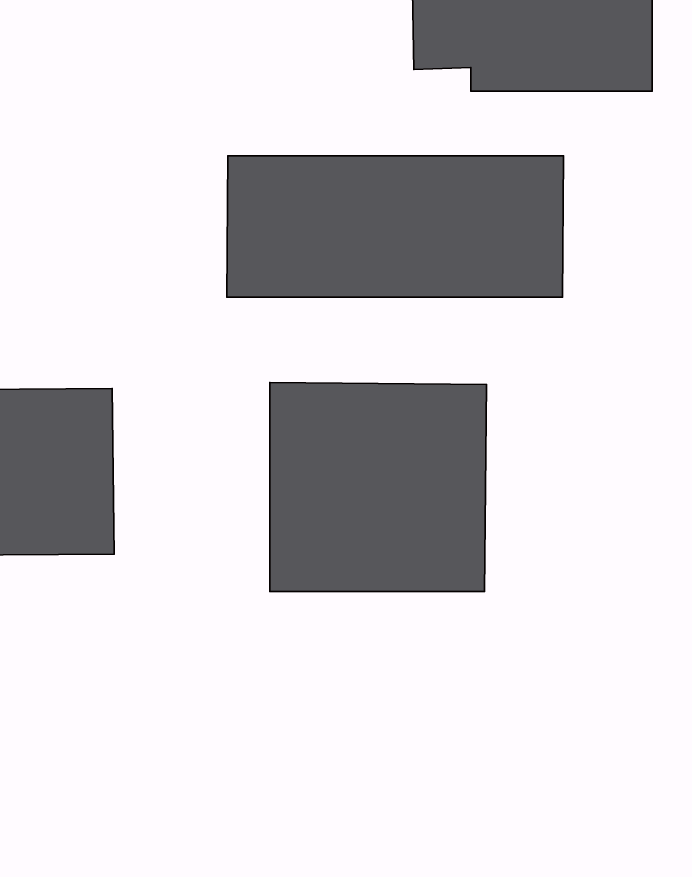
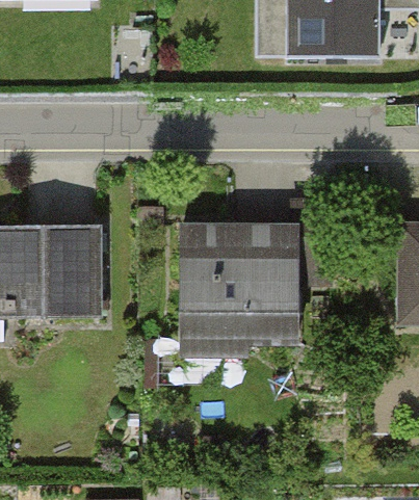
building: [227,156,563,297] -> none

